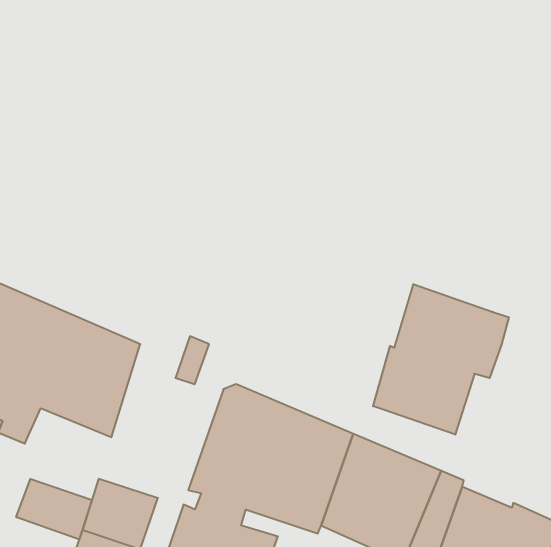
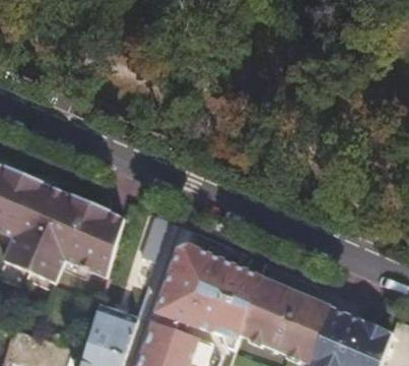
building: [373,284,509,435] -> none
building: [16,479,92,539] -> none

